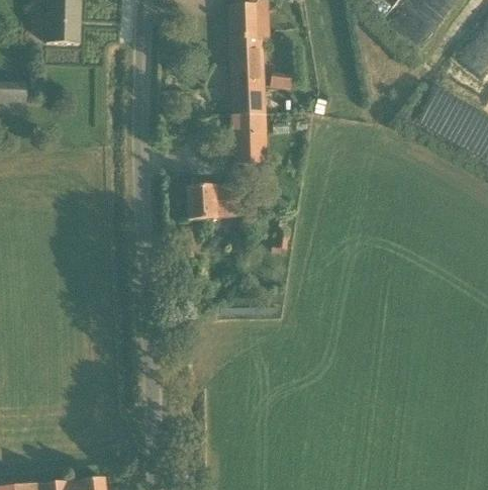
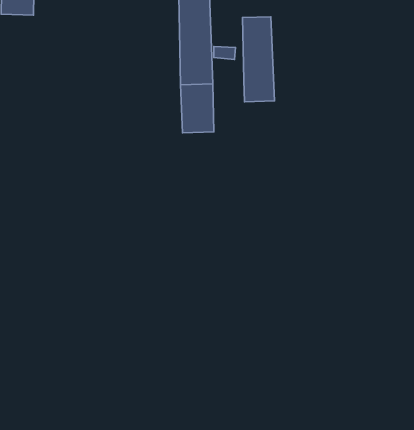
building: none -> [242,17,275,102]
building: [188,186,240,219] -> none

